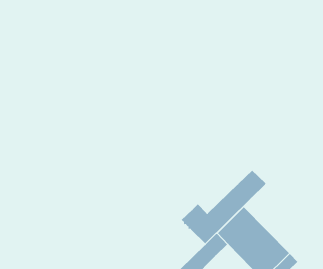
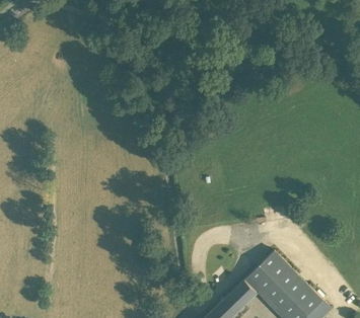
building: [181,170,266,244] -> none

